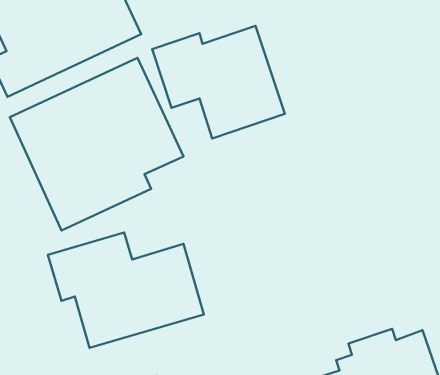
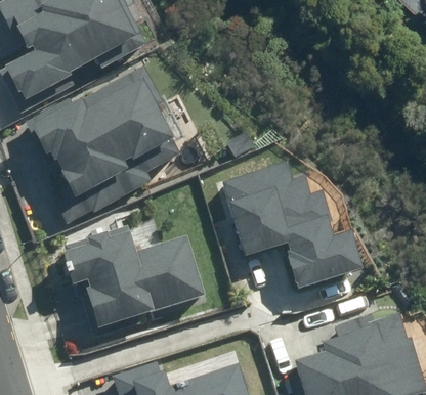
building: [152,26,285,138] -> none
building: none -> [222,161,364,290]

